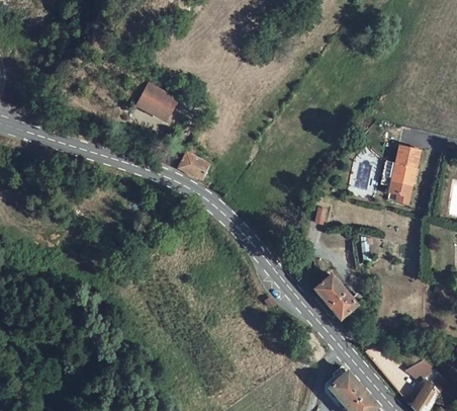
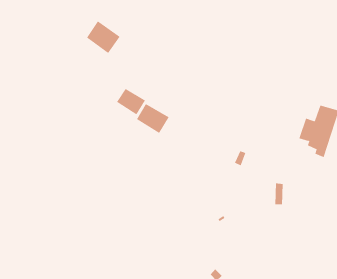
building: none -> [136,103,169,134]
building: [308,273,357,318] -> none

